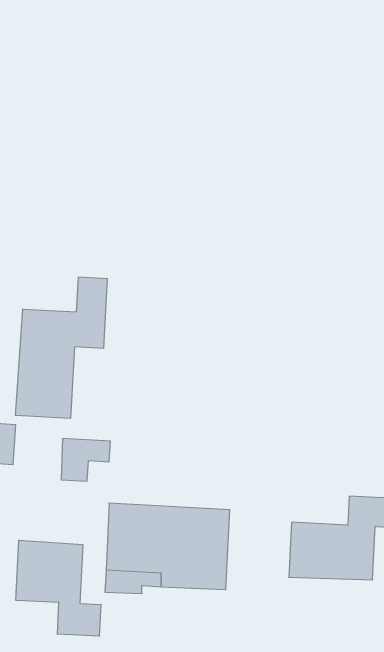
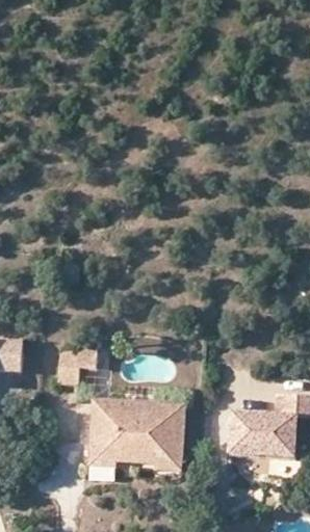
building: [15,277,107,418] -> none
building: [16,540,101,636] -> none

